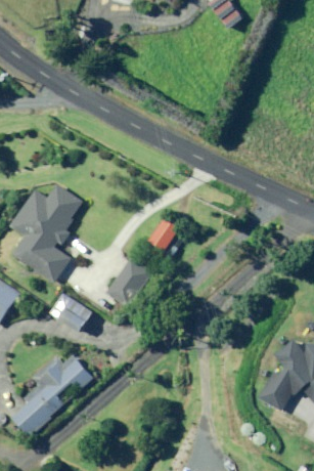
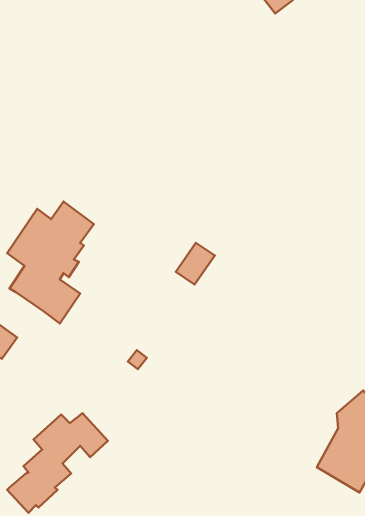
building: [105,257,151,307] -> none
building: [49,295,91,332] -> none

